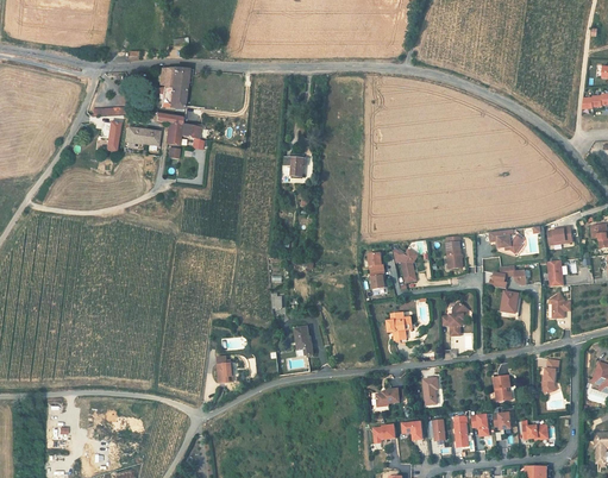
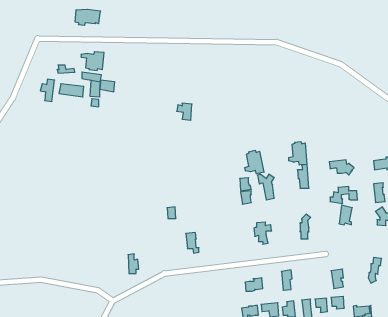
building: [159,67,194,88] -> [75,9,101,25]
building: none -> [289,142,307,165]
building: none -> [245,150,264,174]

